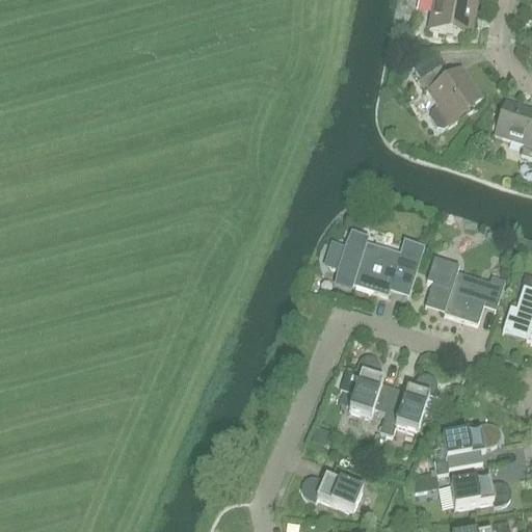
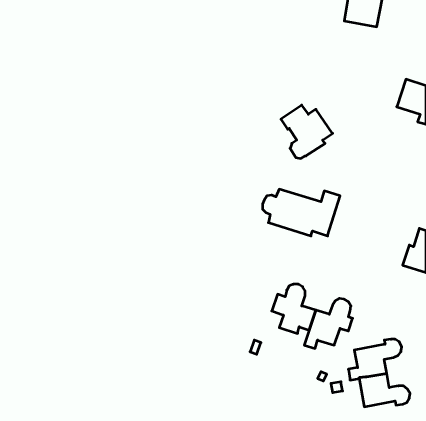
building: [418,60,482,127] -> [281,105,333,158]
building: [425,257,505,323] -> none
building: [300,464,362,511] -> none

